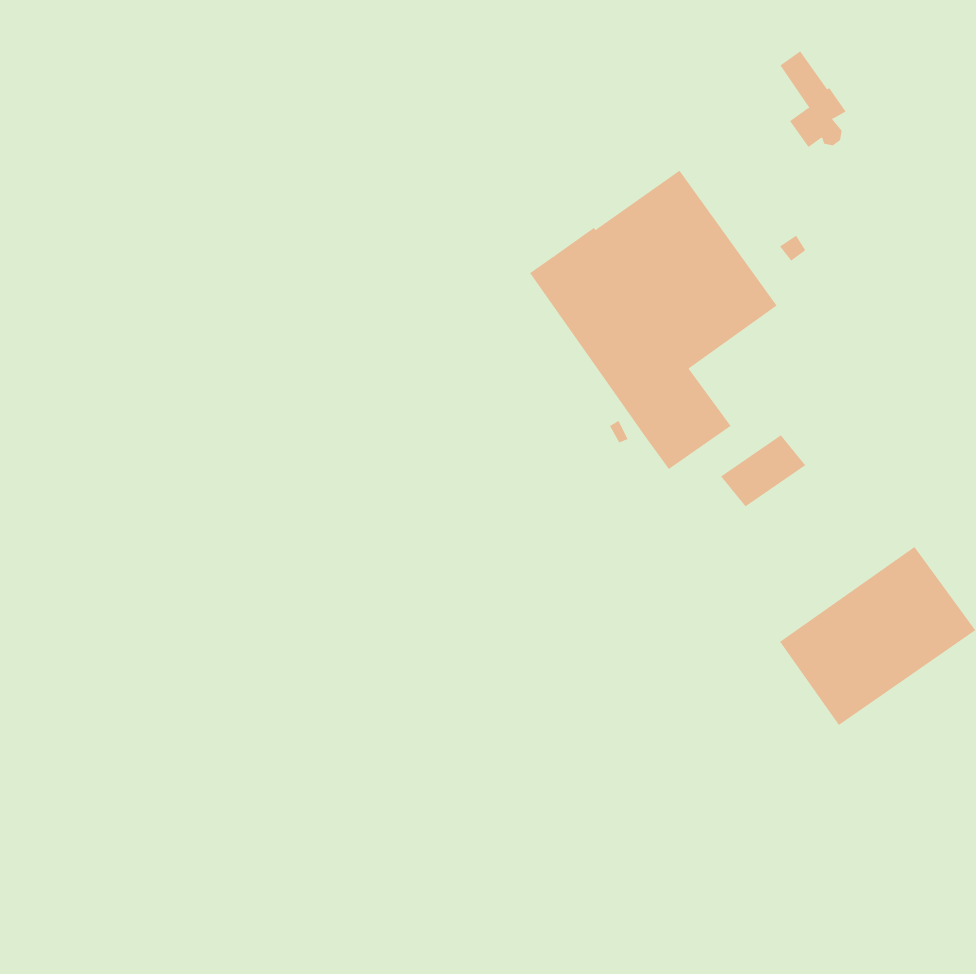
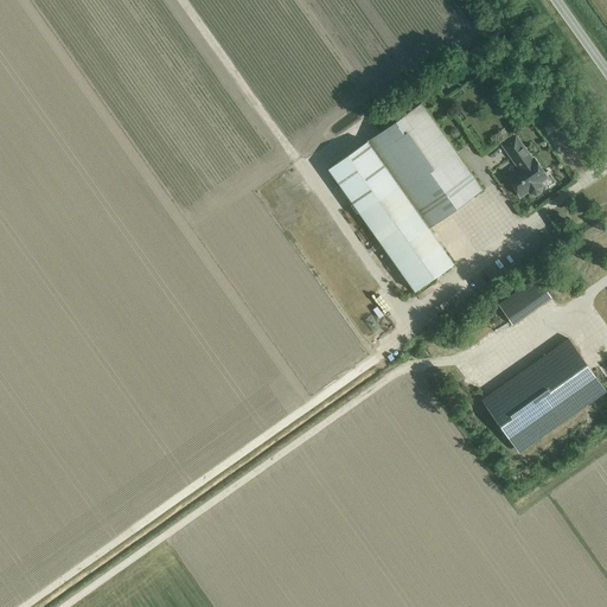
building: [780,50,846,148] -> [503,138,544,198]
building: [720,434,806,507] -> [499,280,552,325]

